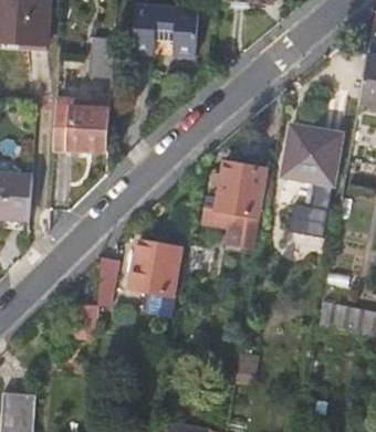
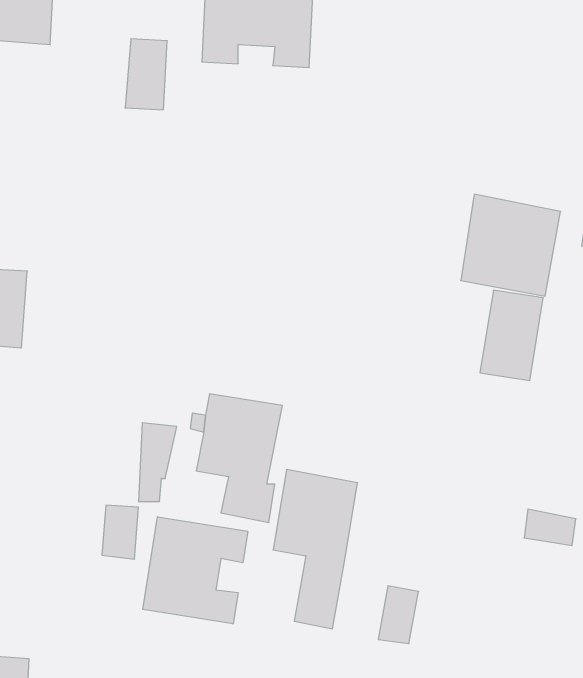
building: [53,94,112,151] -> none
building: [216,162,264,254] -> [273,469,358,629]
building: none -> [143,517,248,624]

